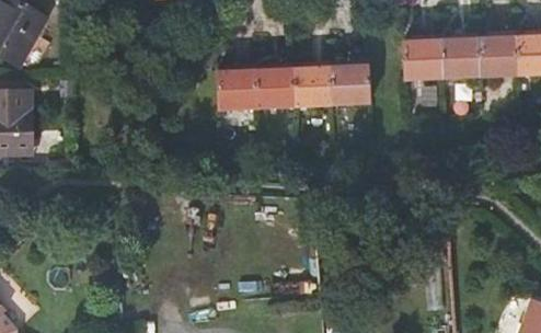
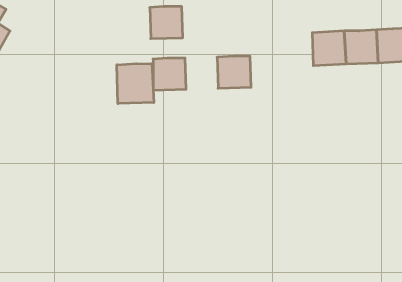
building: [327,68,367,105] -> none
building: [252,70,290,107] -> [150,7,183,39]
building: none -> [117,64,154,104]

